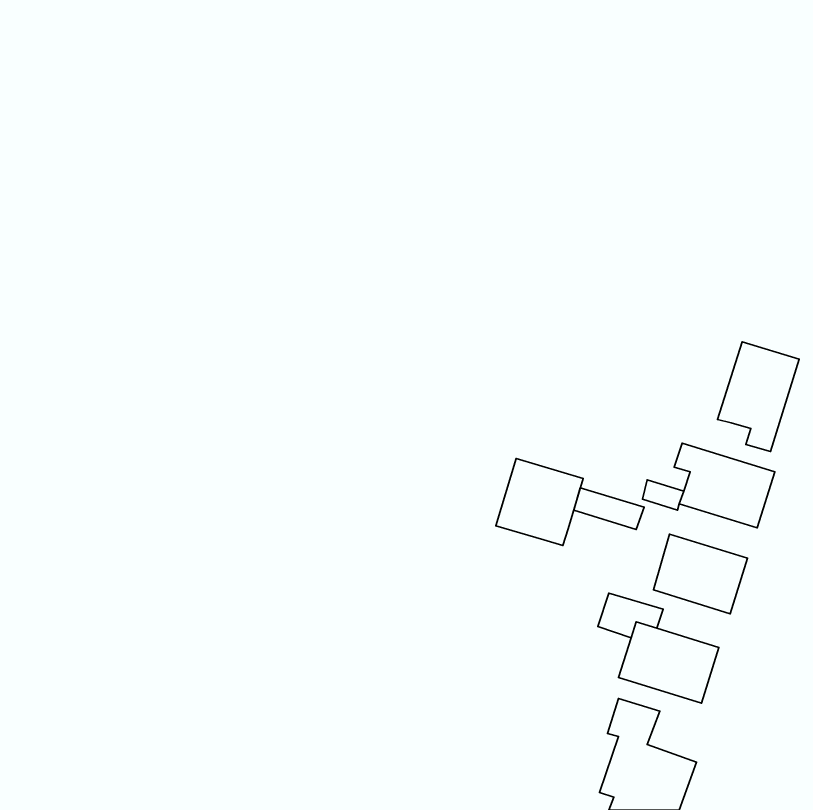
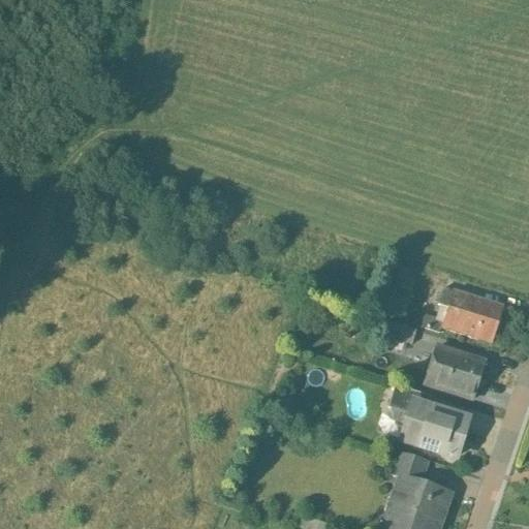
building: [718,342,799,452] -> none
building: [496,459,583,546] -> none

